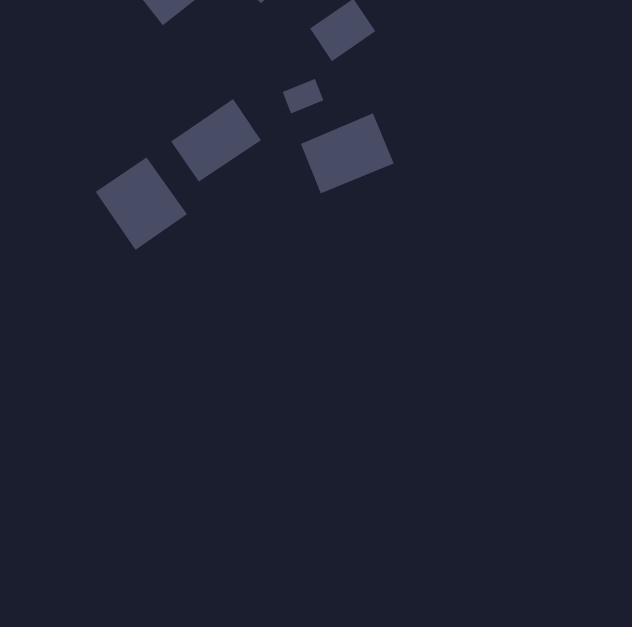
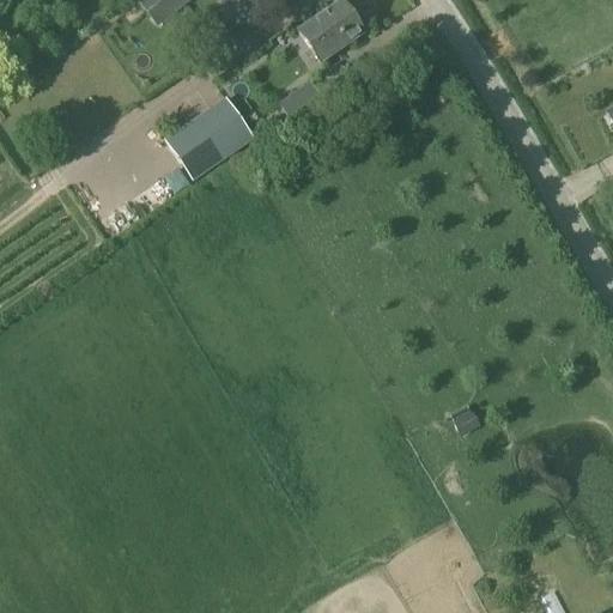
building: [300,113,394,194] -> none
building: [95,157,188,251] -> none

